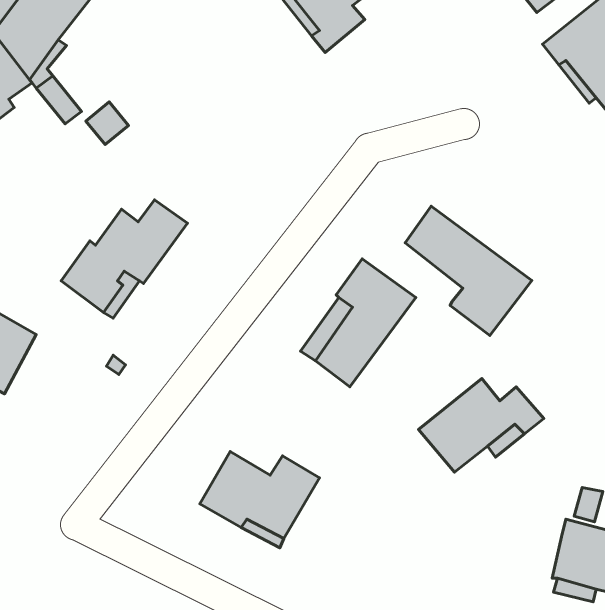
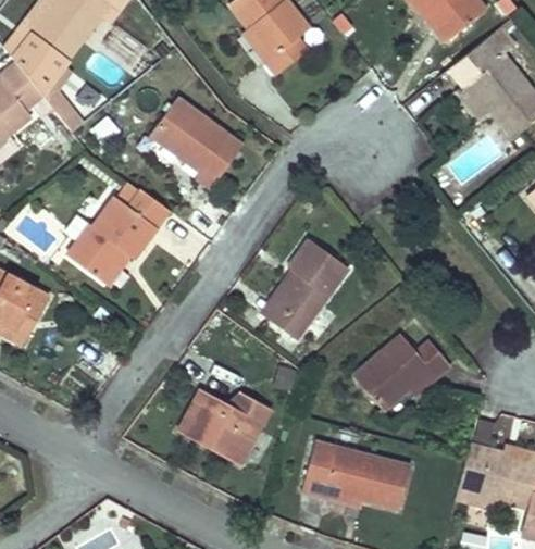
building: none -> [151,98,242,187]
building: [405,206,532,335] -> none
building: none -> [299,439,408,509]

